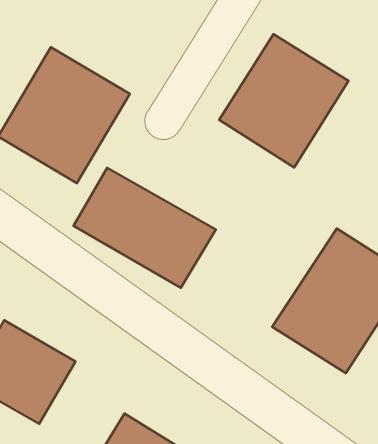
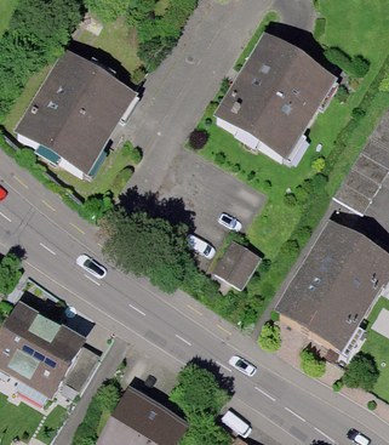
building: [73,168,216,288] -> none
building: none -> [214,236,261,284]

